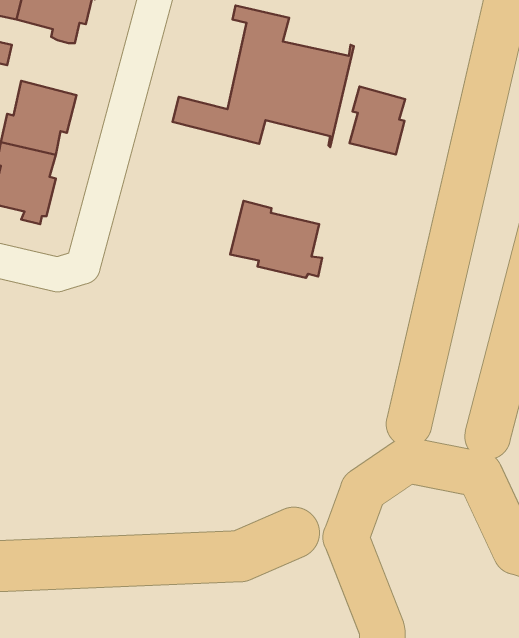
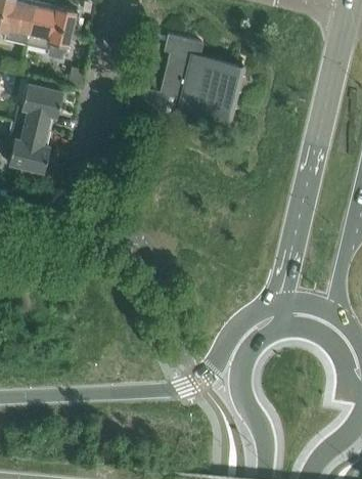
building: [349,86,405,155] -> none
building: [230,201,322,278] -> none

